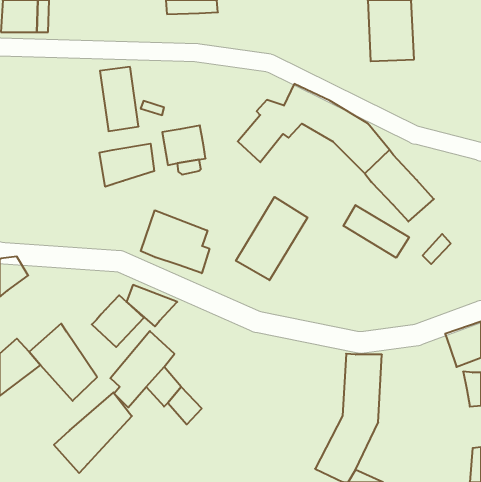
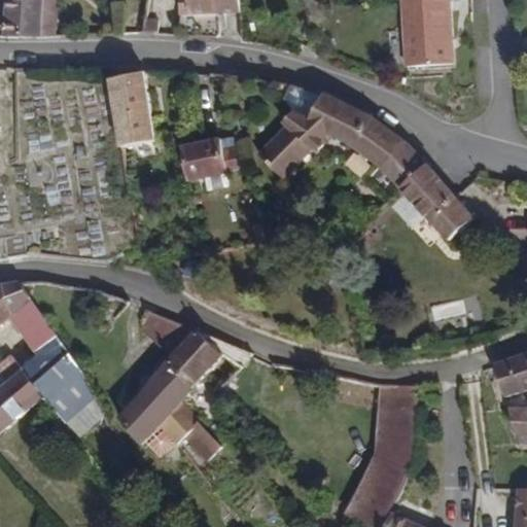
building: [99,144,154,187] -> none
building: [236,197,307,280] -> none
building: [343,205,409,258] -> none
building: [141,210,209,273] -> none
building: none -> [8,301,57,352]
building: [92,295,144,347] -> [164,329,220,386]
building: [54,392,132,473] -> none

